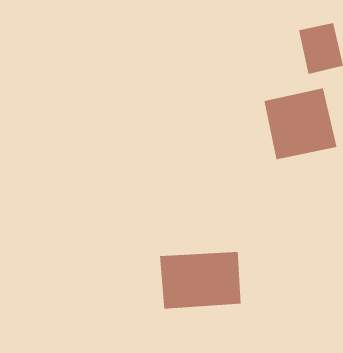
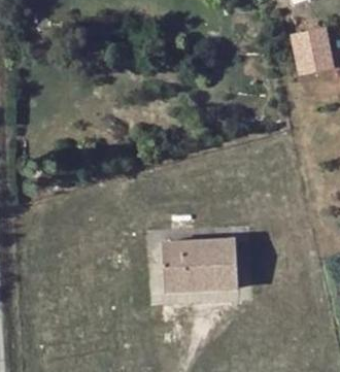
building: [264,87,337,160] -> none

